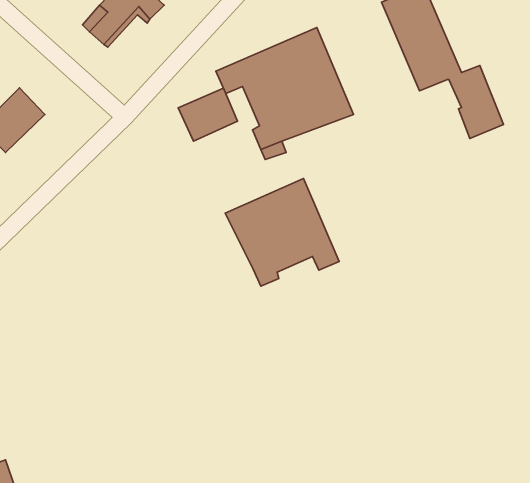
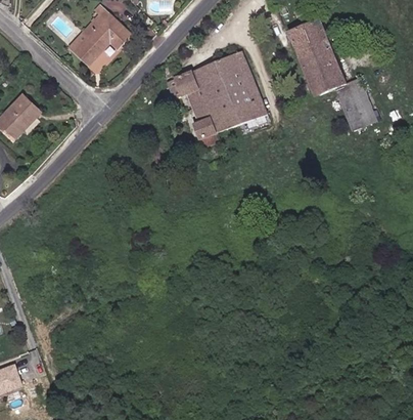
building: [178,88,238,141] -> none
building: [225,178,339,286] -> none

